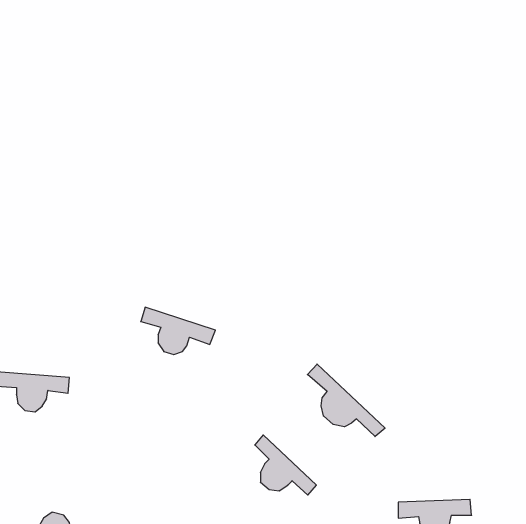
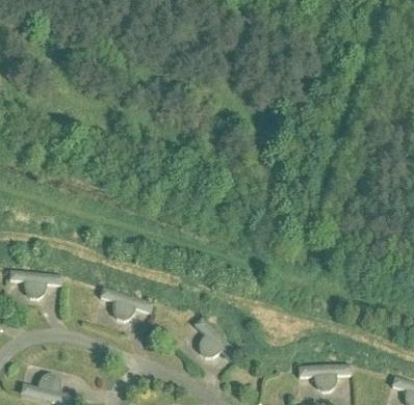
building: [141,307,215,355] -> [100,286,154,320]
building: [307,364,385,437] -> none

